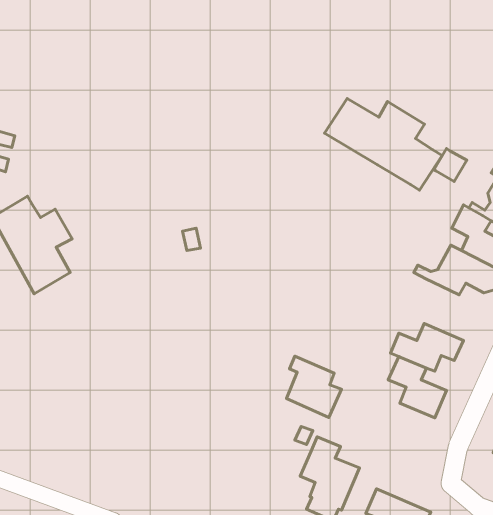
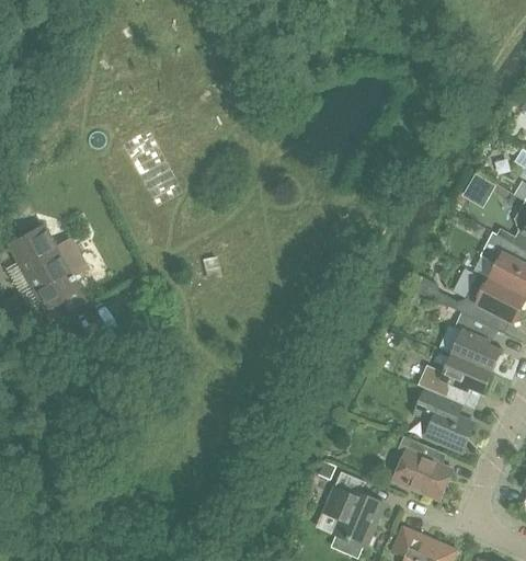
building: [325,98,442,190] -> none
building: none -> [453,311,502,371]
building: [286,356,342,418] -> [396,435,453,499]

